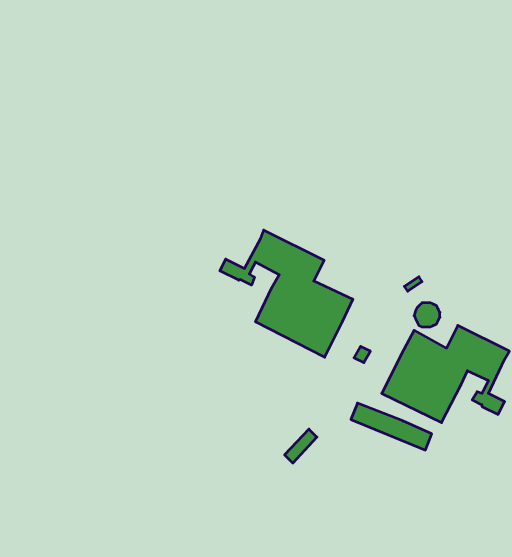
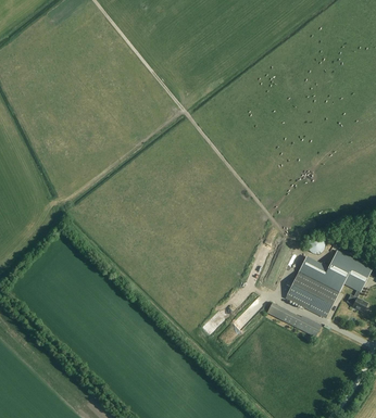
building: [220,230,353,357] -> none

